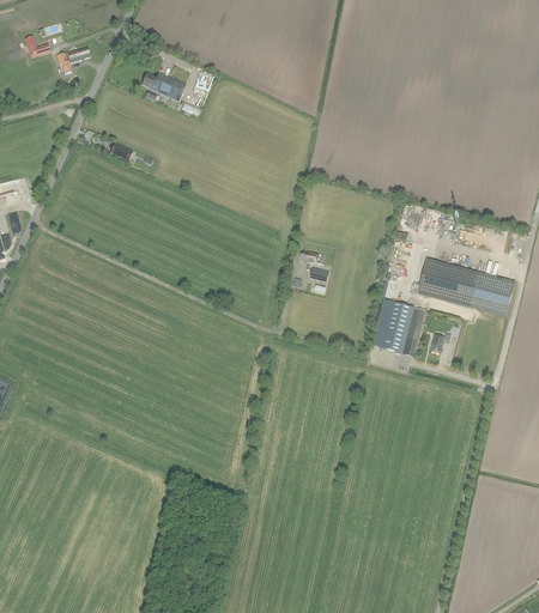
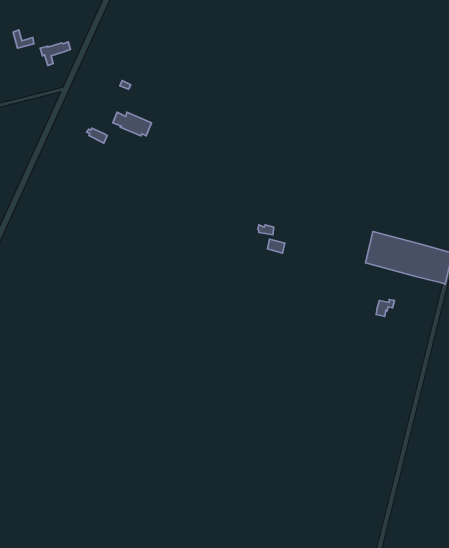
building: [140,72,183,98] -> [113,112,152,136]
building: [377,301,424,354] -> none

